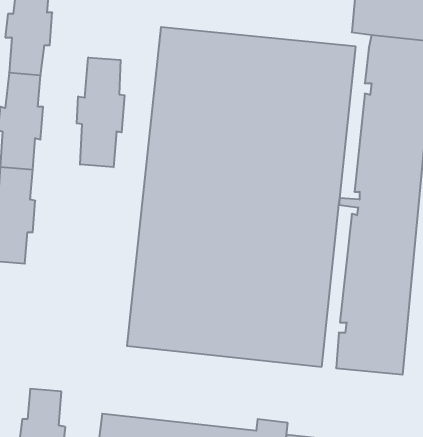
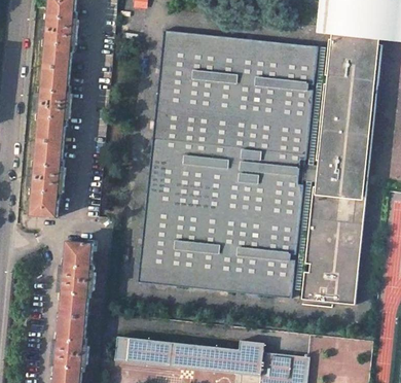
building: [77,57,125,167] -> none
building: none -> [59,241,95,318]

